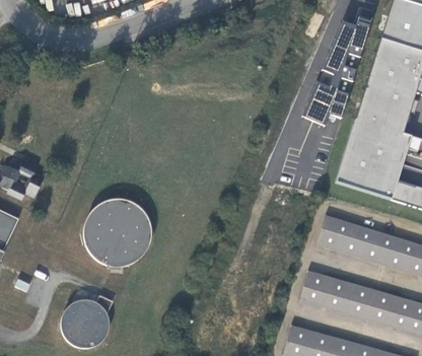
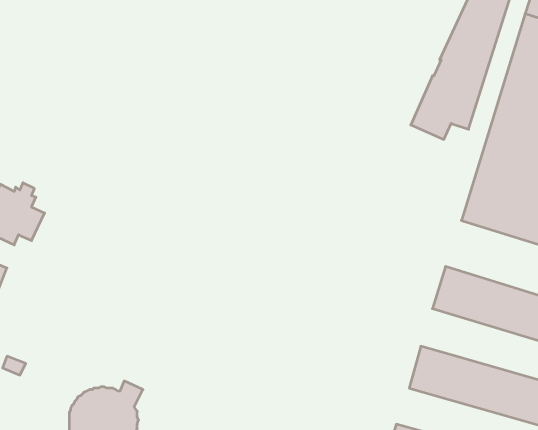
building: [83,199,151,273] -> none

